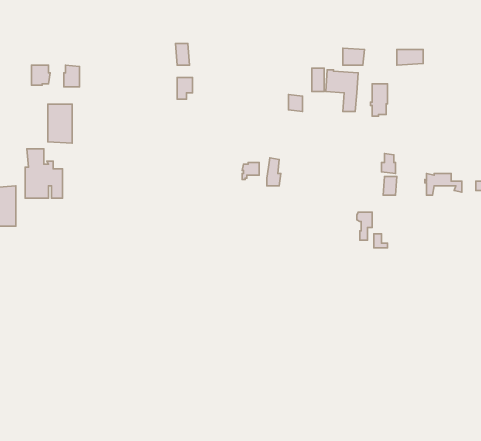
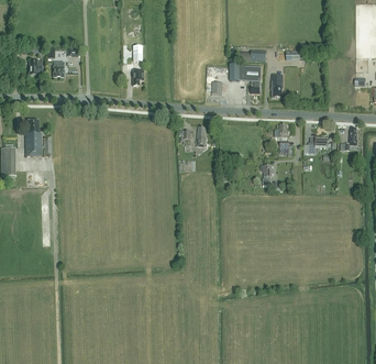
building: [48,104,72,143] -> none

